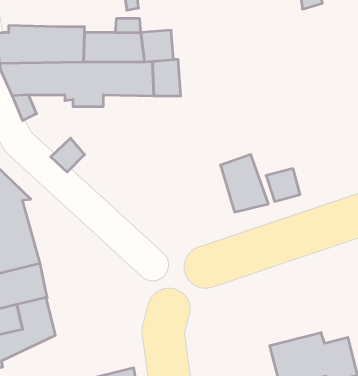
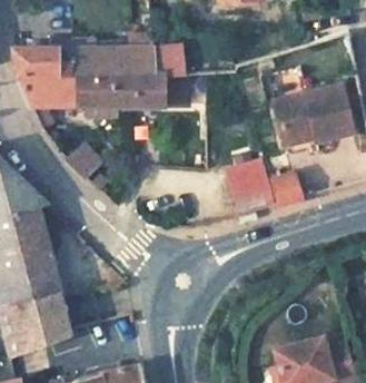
building: none -> [274,87,350,150]

